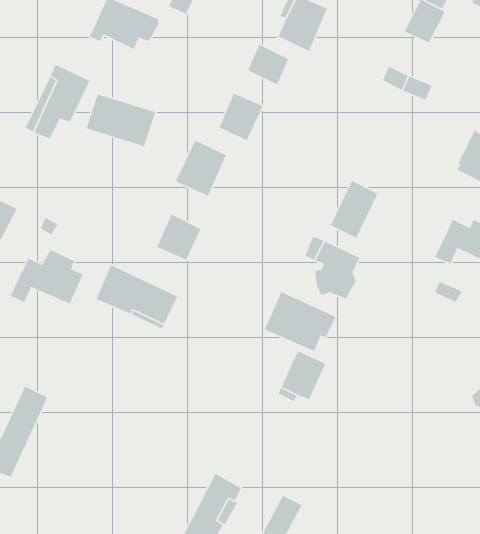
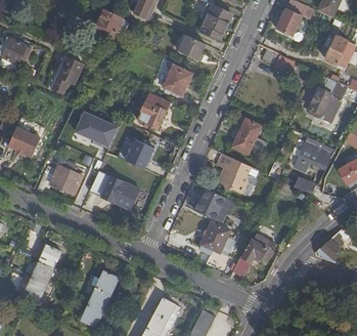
building: [85,93,156,147] -> [75,112,118,144]
building: none -> [233,236,272,276]
building: none -> [80,269,118,327]

